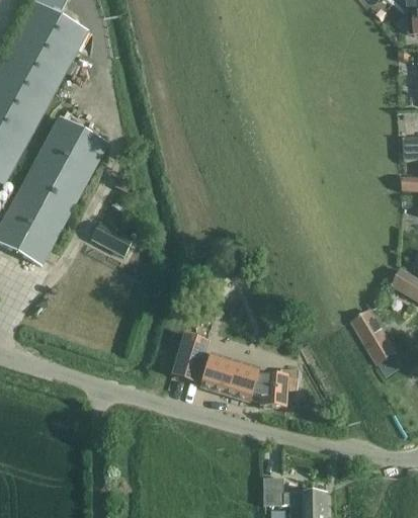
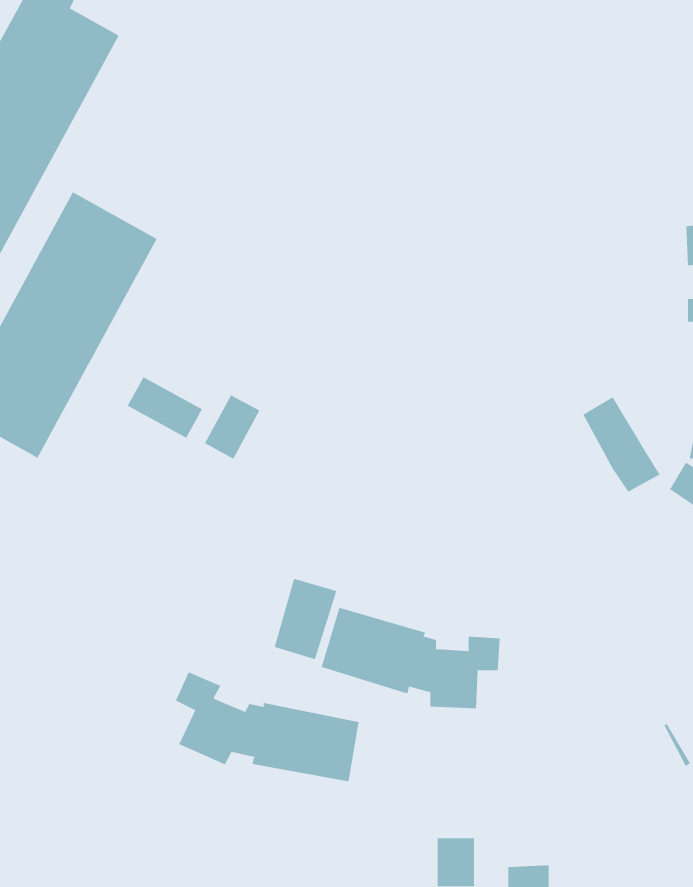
building: none -> [204,394,260,459]
building: [352,310,396,363] -> [582,396,660,493]
building: none -> [175,672,359,782]

